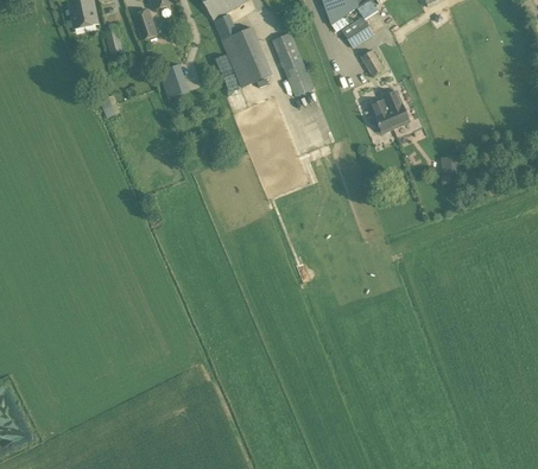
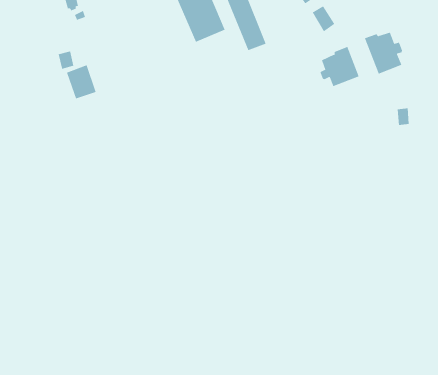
building: [158,62,189,97] -> [66,64,96,99]
building: none -> [364,32,403,74]

